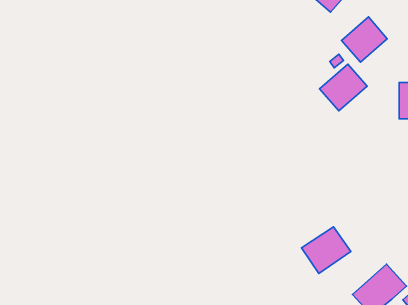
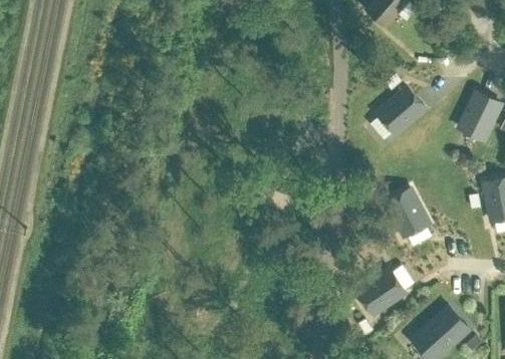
building: [341,17,387,62] -> none
building: none -> [385,184,429,236]

